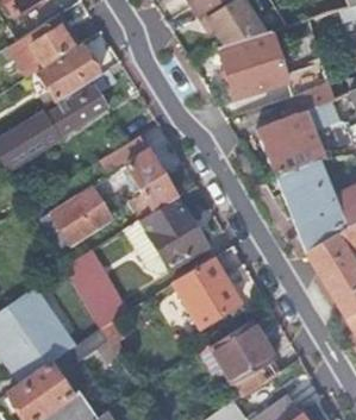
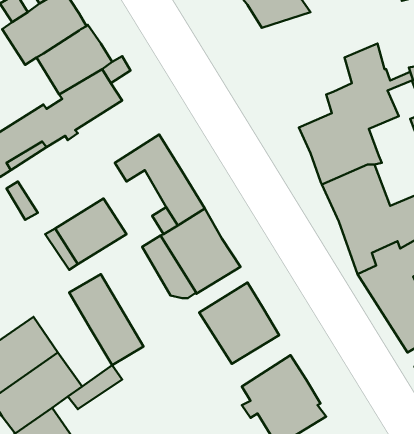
building: [219,31,288,98] -> none

